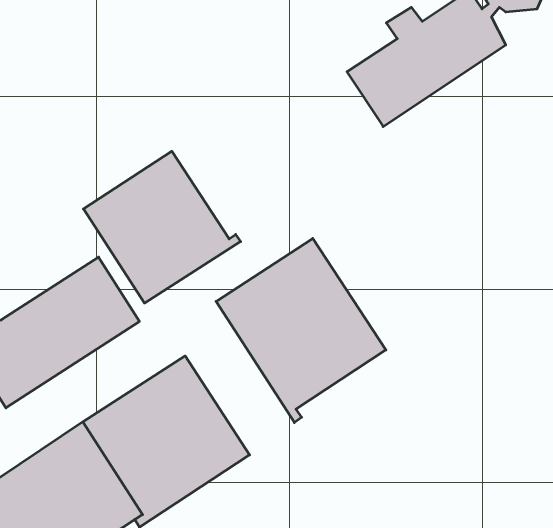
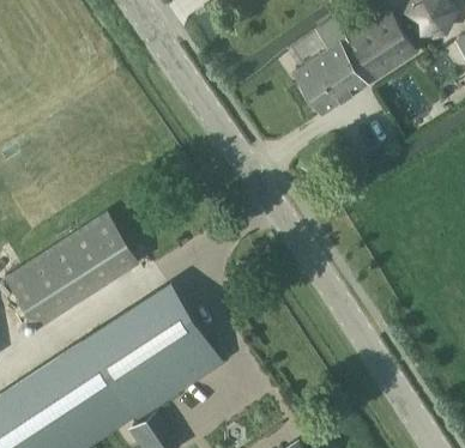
building: [83,151,241,303] -> none
building: [216,238,386,423] -> none

